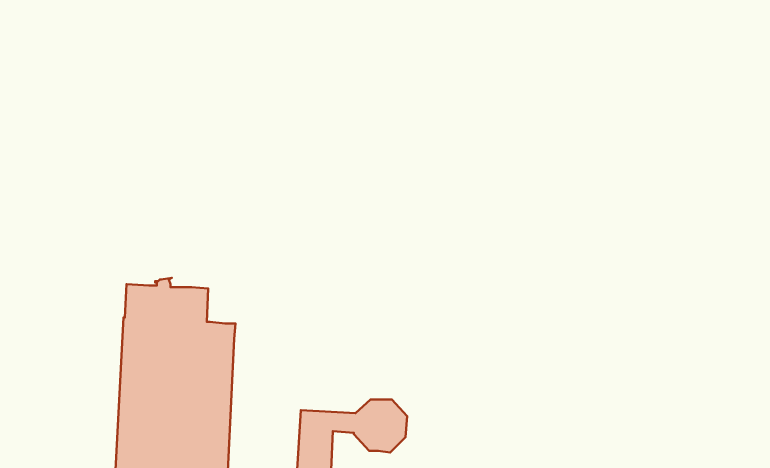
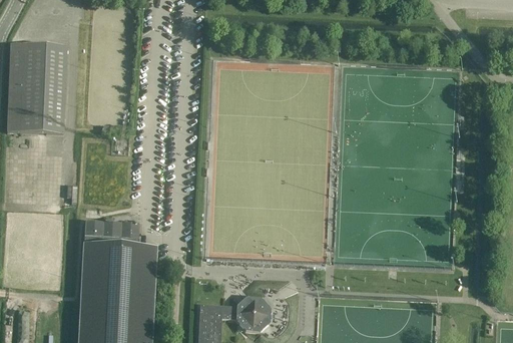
building: none -> [7,42,67,132]

